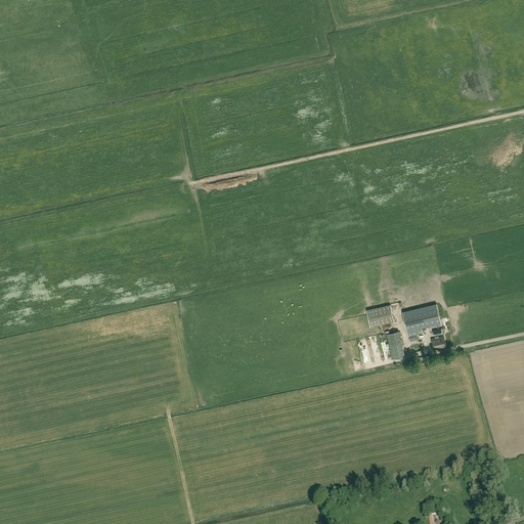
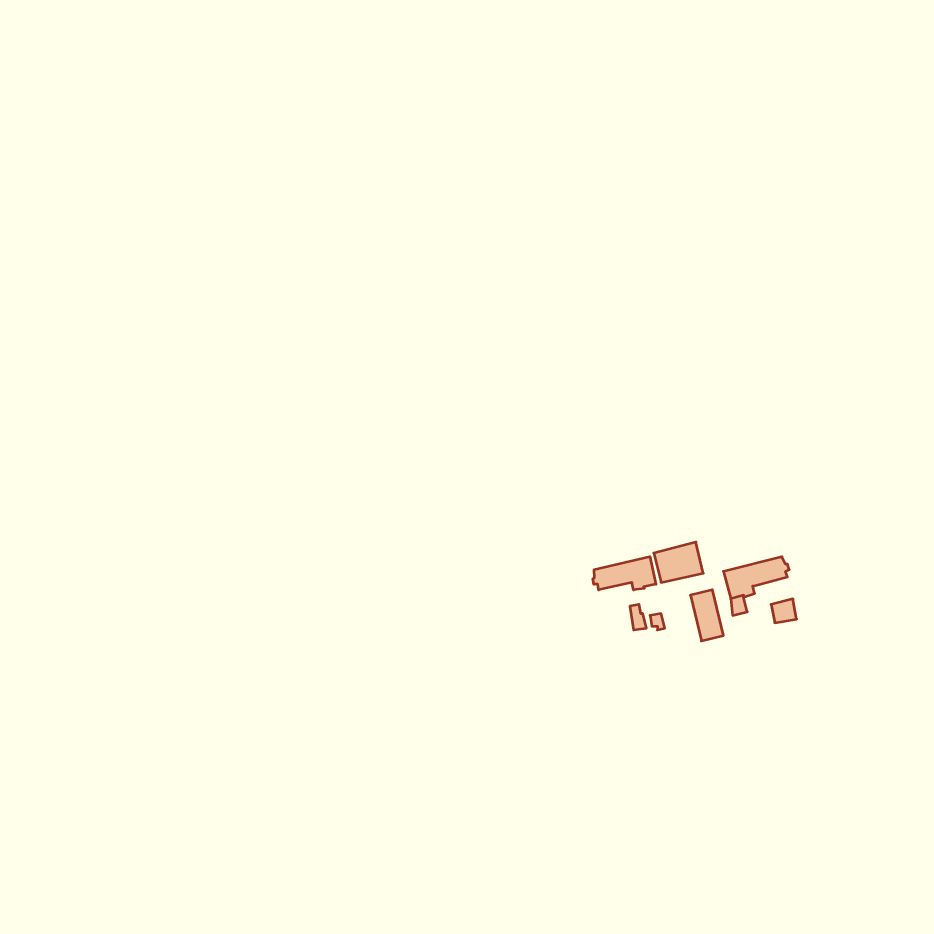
building: none -> [593,557,656,590]

